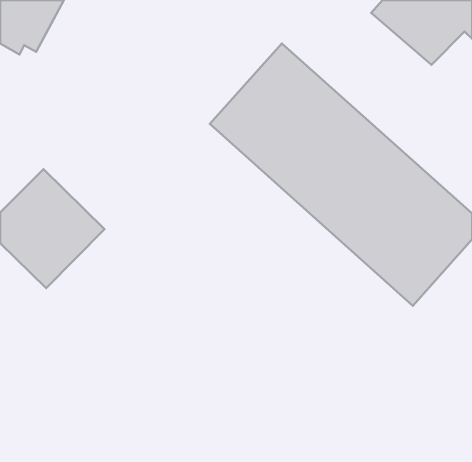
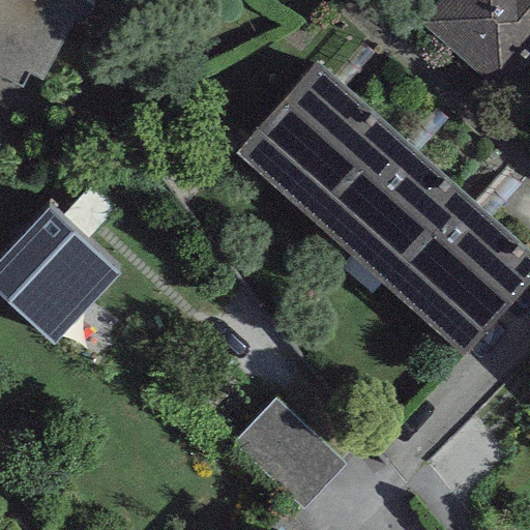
building: none -> [244,416,347,517]

